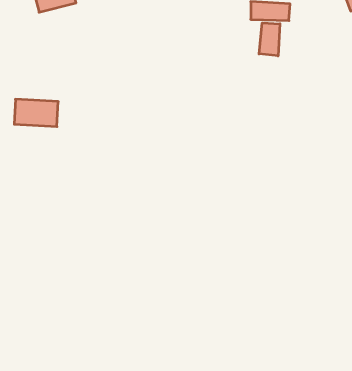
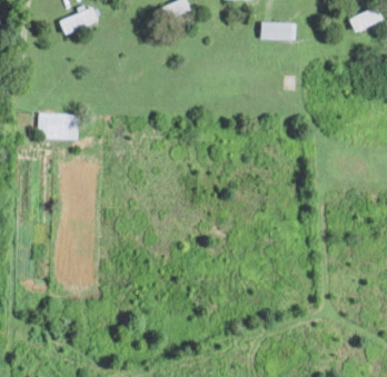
building: [259,23,280,56] -> none

